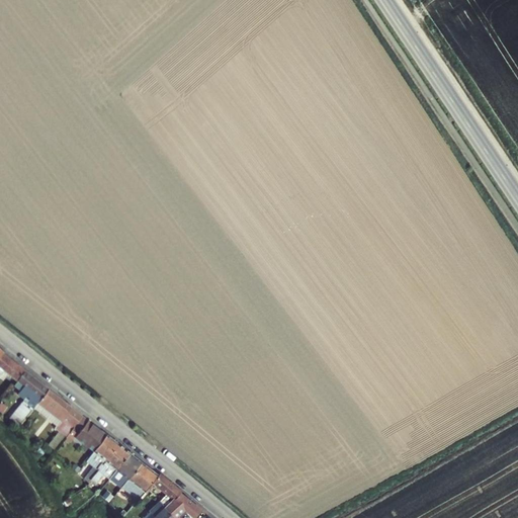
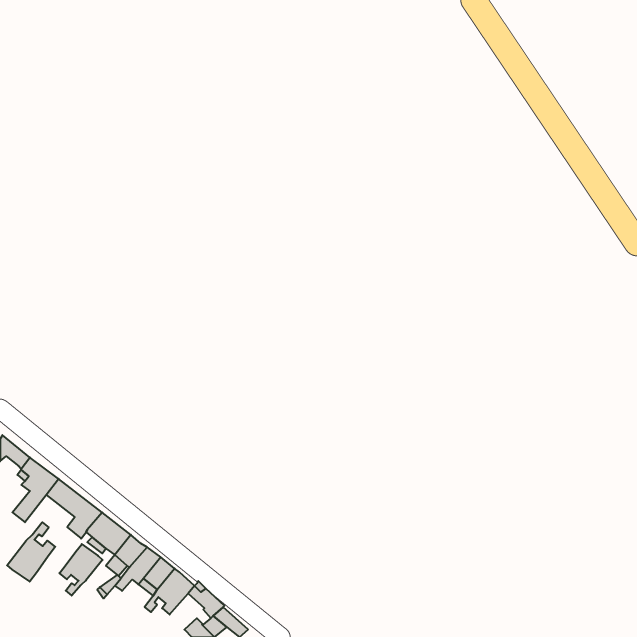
building: none -> [7,522,55,582]
building: none -> [59,544,103,596]

